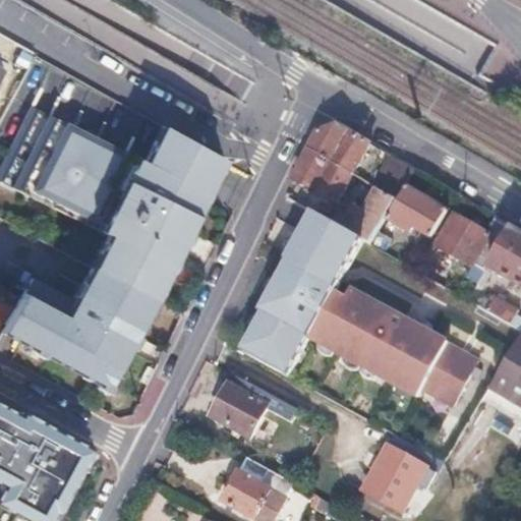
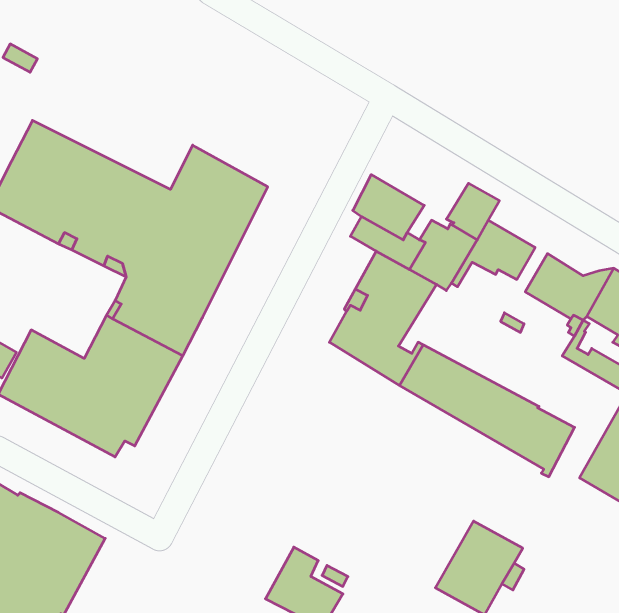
building: [309,125,370,174] -> none
building: [241,287,456,404] -> none
building: [210,384,269,439] -> none

